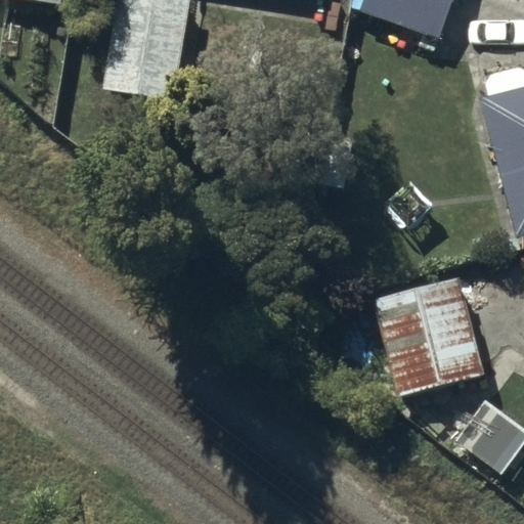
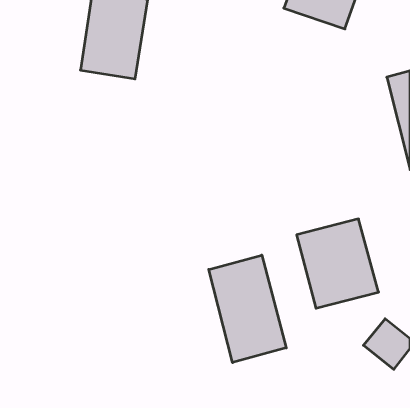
building: none -> [209,255,286,363]

